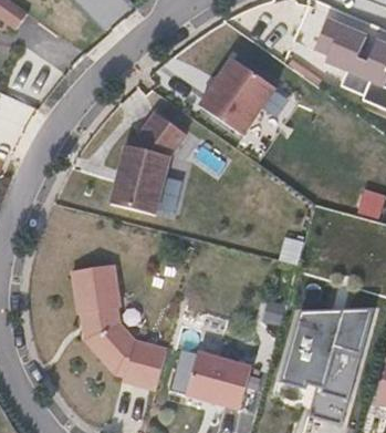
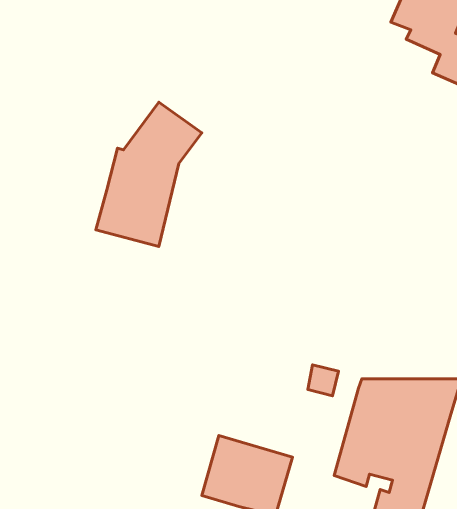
building: [198,56,274,134] -> none
building: [71,262,165,389] -> none

